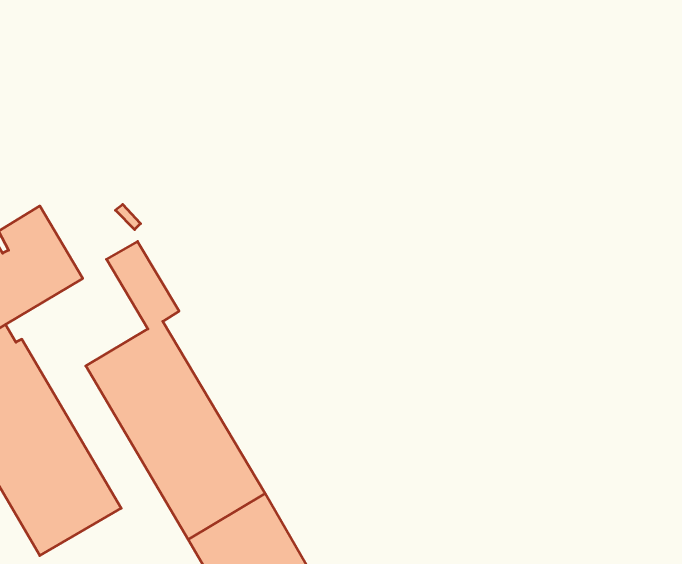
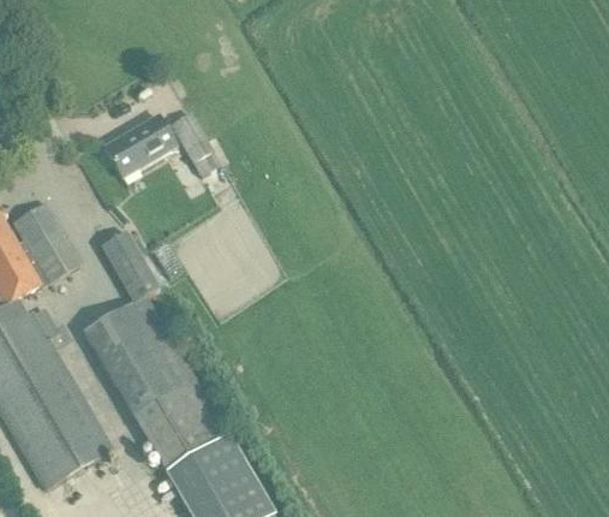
building: none -> [171,111,220,173]
building: none -> [105,113,175,176]

